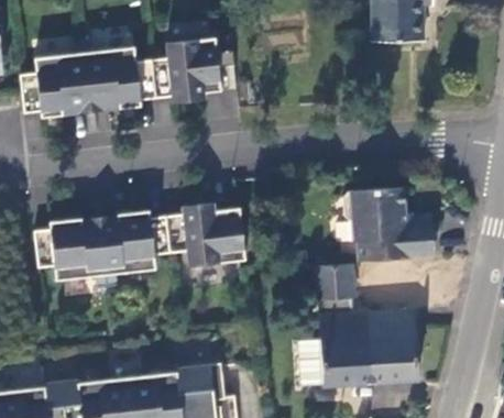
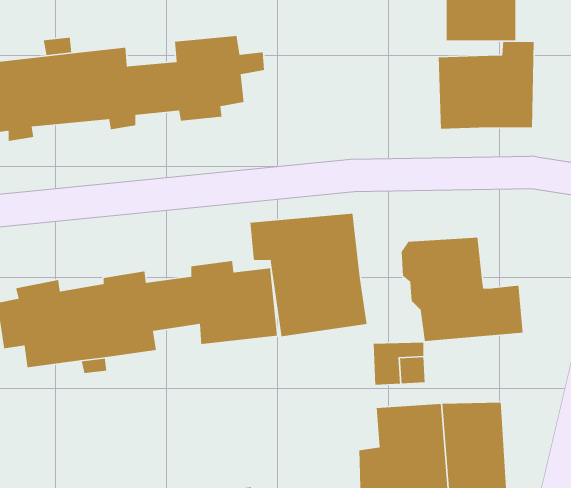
building: none -> [438,41,535,129]
building: none -> [249,213,367,337]

